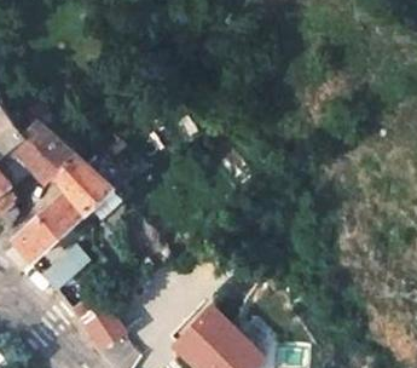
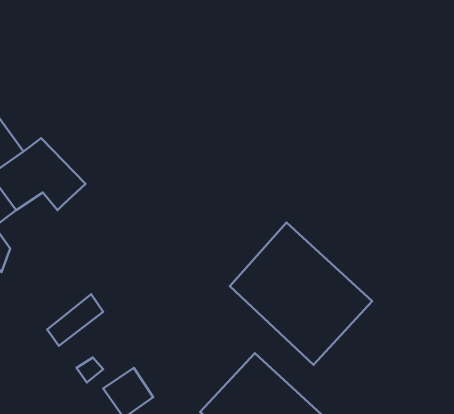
building: [15,126,122,260] -> none
building: none -> [230,223,372,365]

